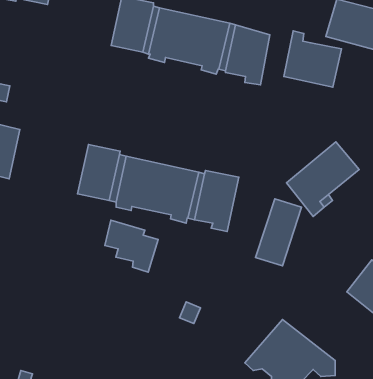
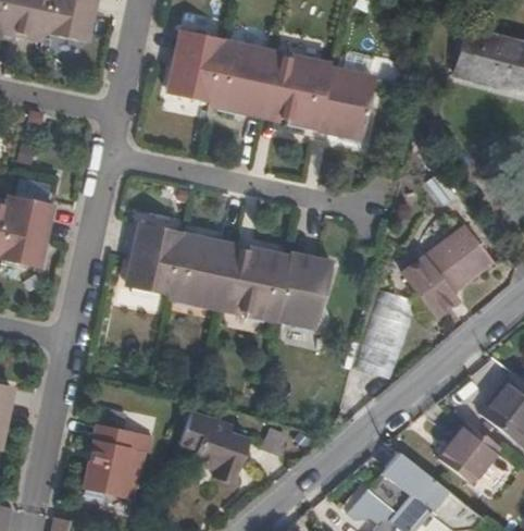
building: [284,31,342,87] -> none
building: [105,220,158,272] -> [178,411,248,479]
building: none -> [436,419,496,480]
building: none -> [84,423,154,498]

